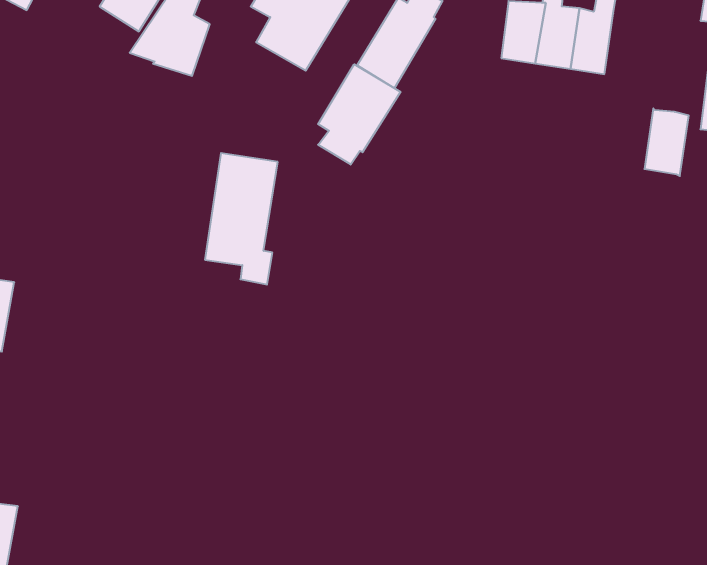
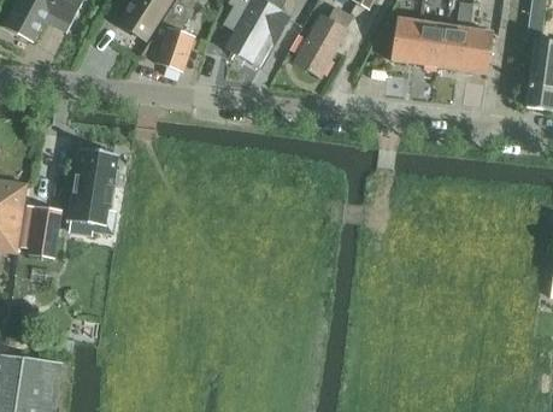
building: [318,64,400,165] -> none
building: [644,108,689,176] -> [461,29,492,75]
building: [205,153,278,285] -> [69,149,118,239]

